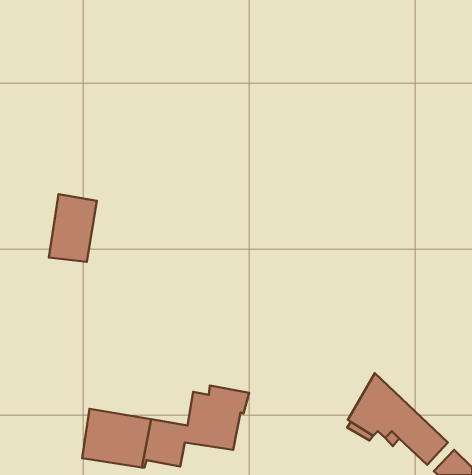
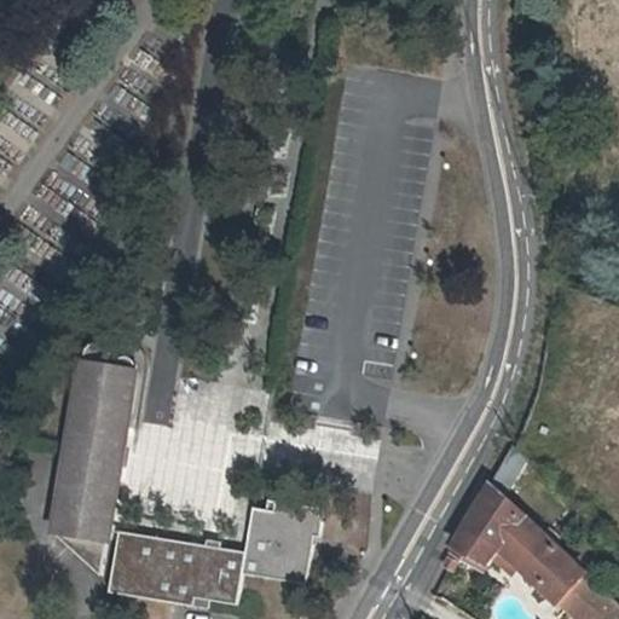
building: [49,194,97,262] -> none
building: none -> [52,341,133,563]

